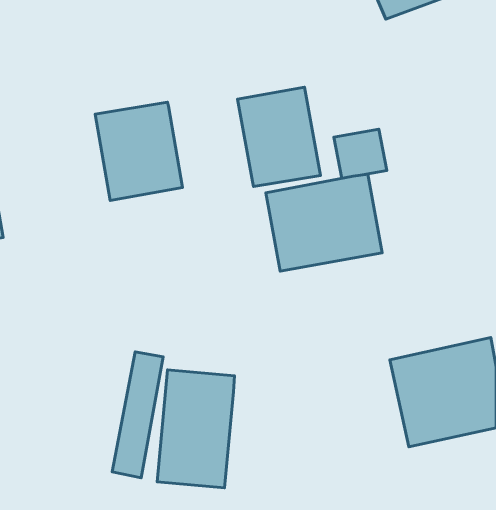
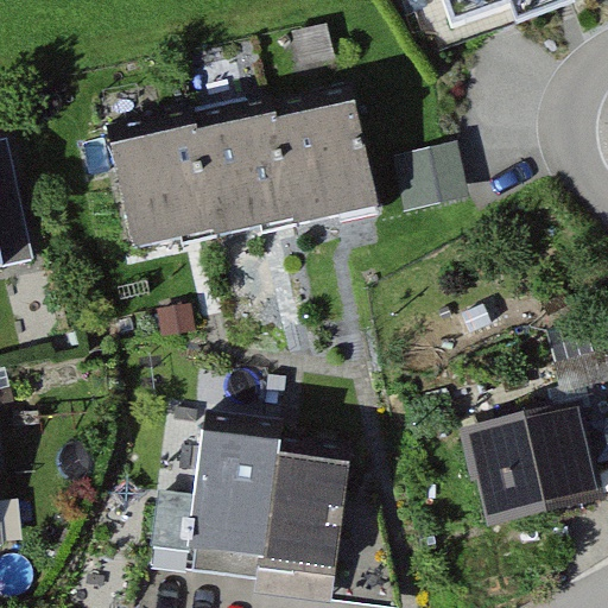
building: none -> [200,112,299,229]
building: [266,174,382,271] -> none
building: none -> [266,464,391,589]

